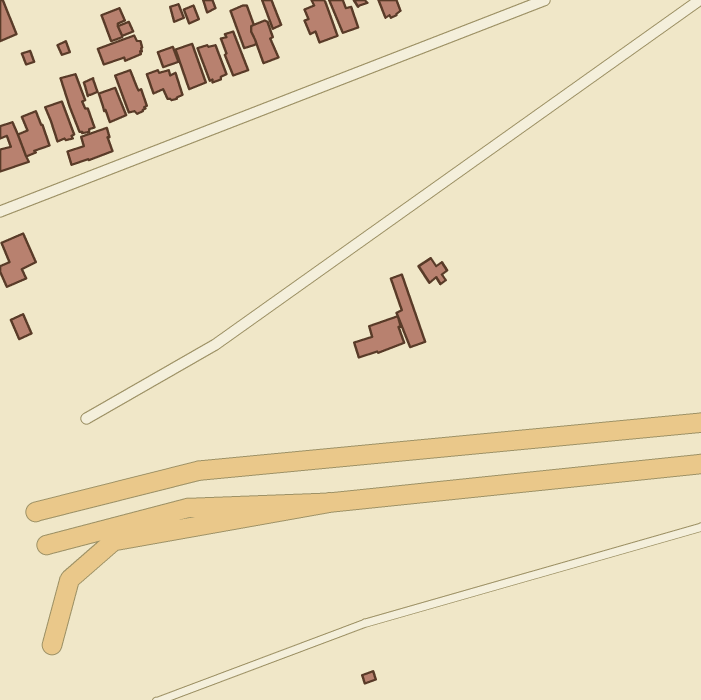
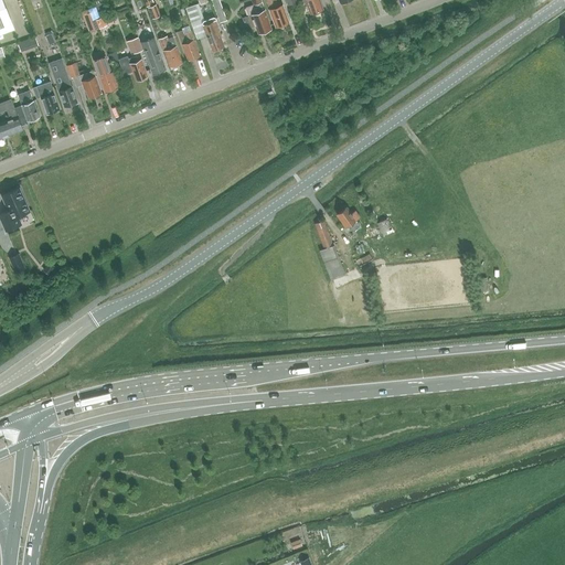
building: [98,35,142,65] -> none
building: [67,128,113,165] -> none
building: [354,316,404,358] -> none

